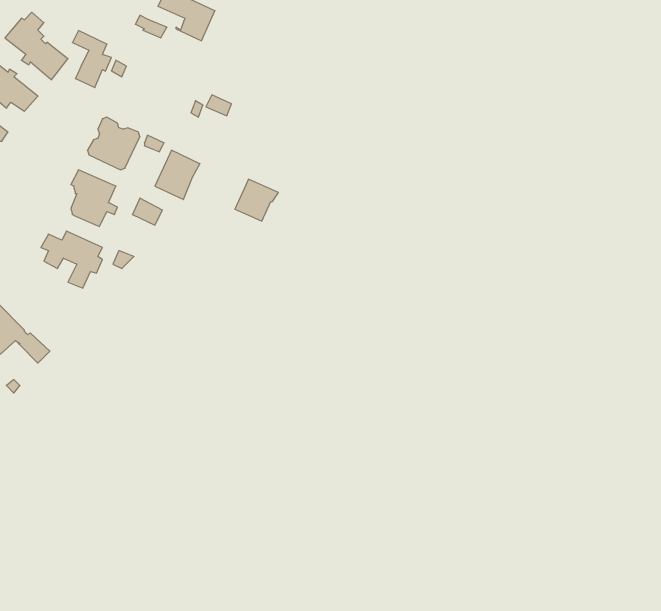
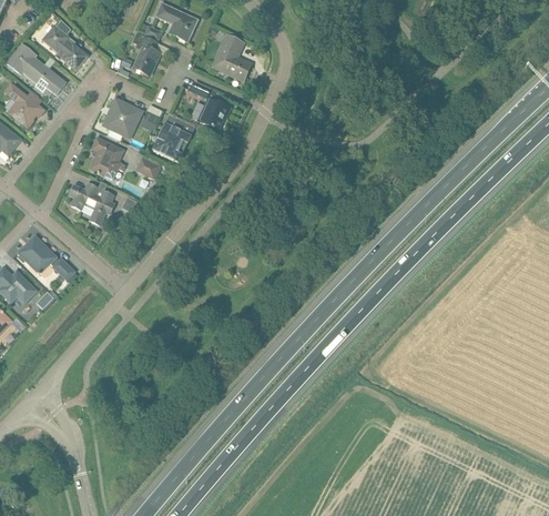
building: [72,31,111,88] -> [132,32,161,74]
building: none -> [212,34,251,80]
building: [235,179,278,221] -> [199,98,231,129]

